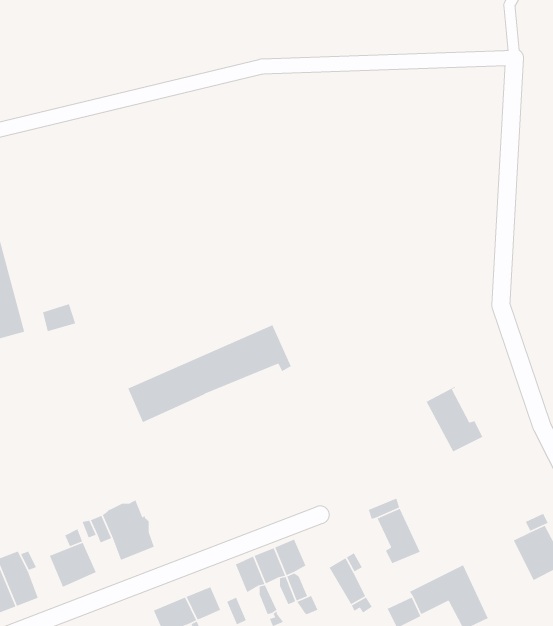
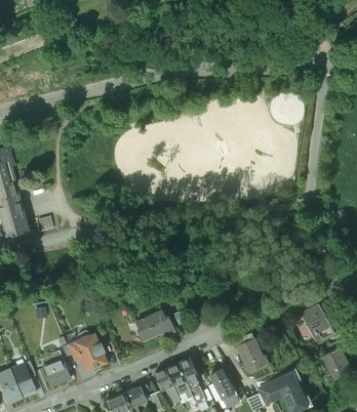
building: [127,324,292,423] -> none
building: [425,386,483,453] -> [300,305,334,345]
building: none -> [136,310,175,340]

